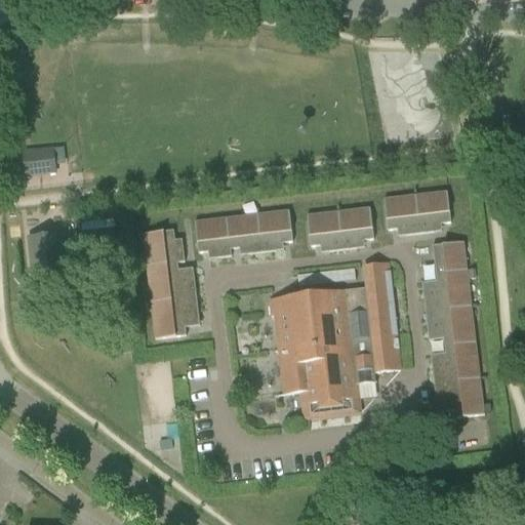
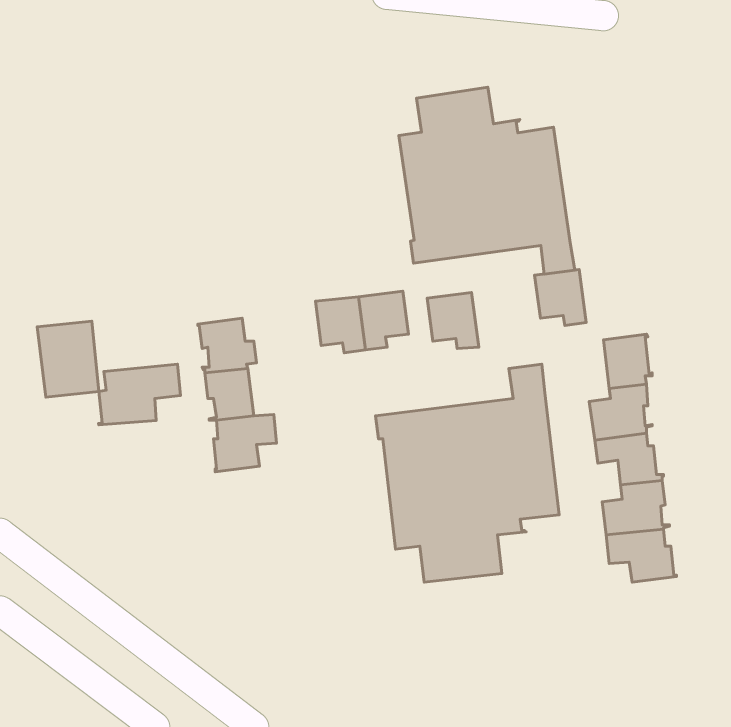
building: none -> [399,87,575,274]
building: [23,145,58,175] -> none
building: [415,189,451,231] -> none
building: [338,205,374,248] -> none
building: [195,215,232,255] -> none
building: none -> [98,364,181,425]

